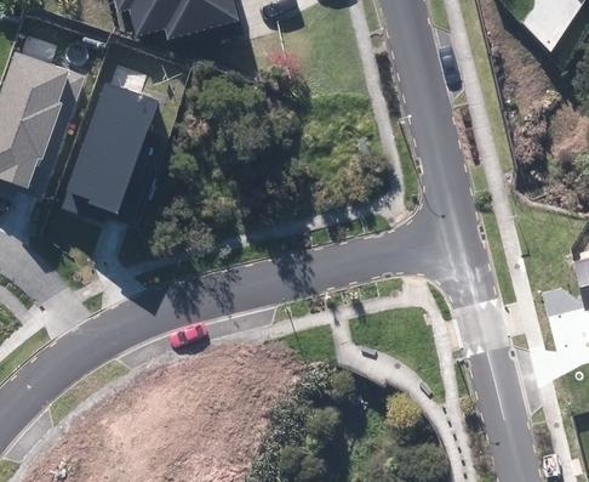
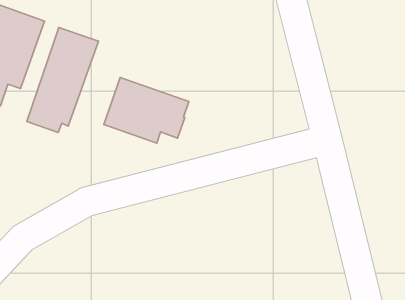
building: none -> [104,77,189,143]

